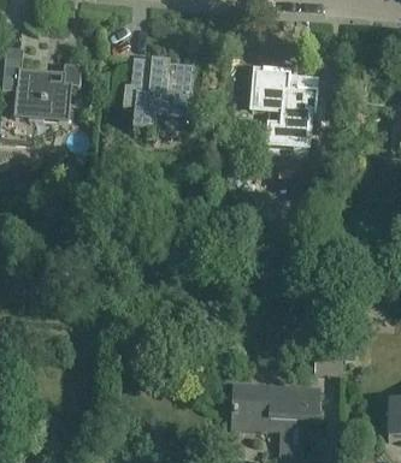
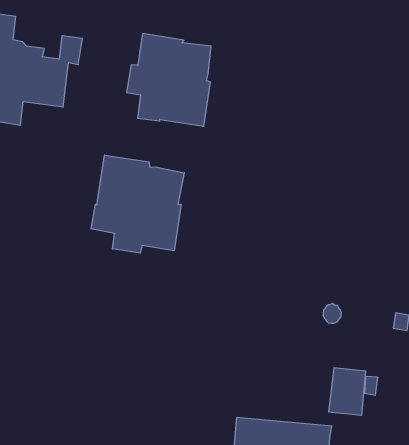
building: [253,64,318,147] -> none
building: none -> [91,155,184,253]

